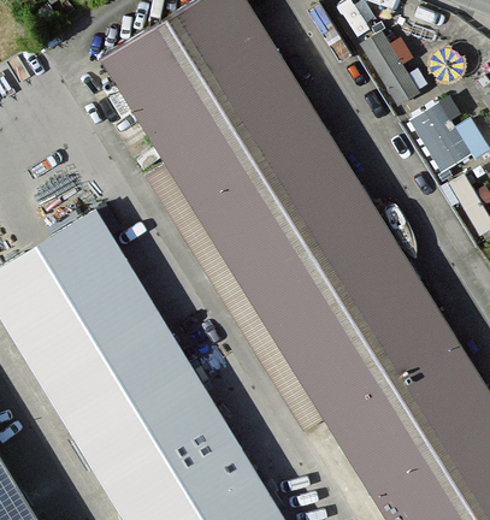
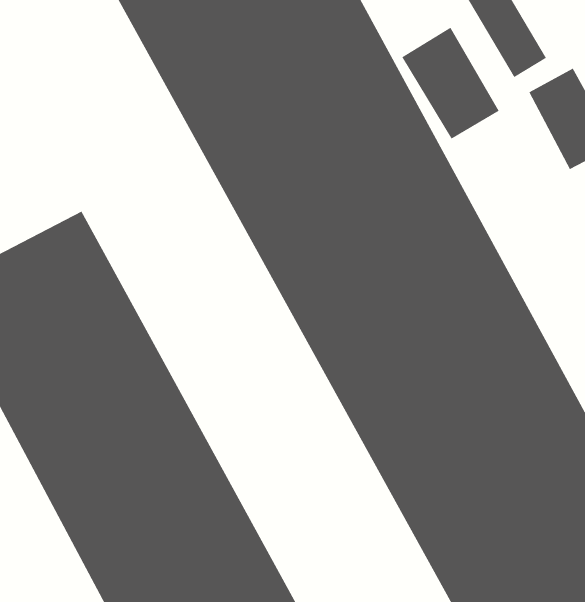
building: none -> [401,27,500,140]

